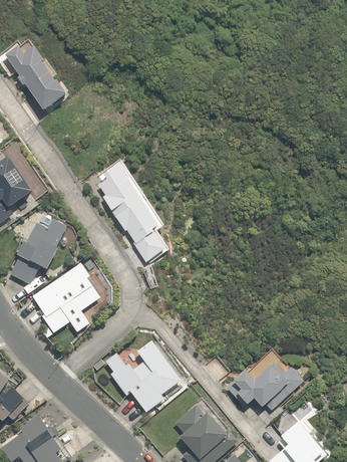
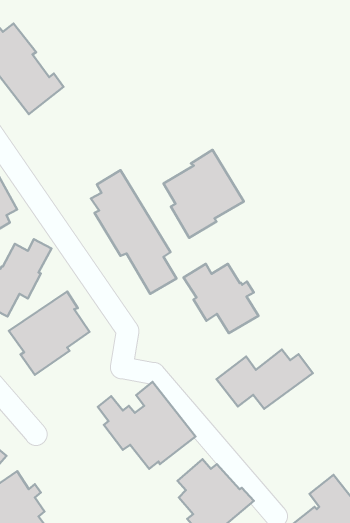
building: none -> [164,150,244,238]
building: none -> [183,264,258,333]
building: [227,363,308,413] -> [216,349,313,409]

